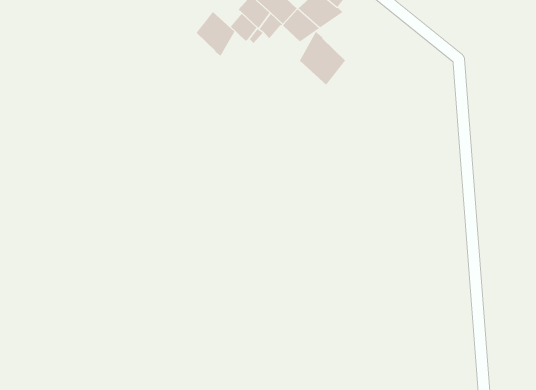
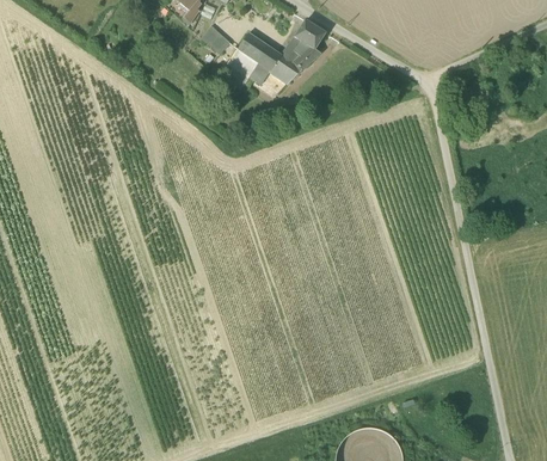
building: [196,11,235,57] -> none
building: [299,31,346,86] -> none

